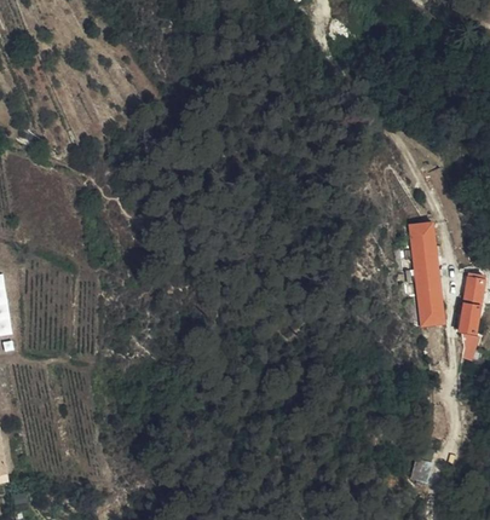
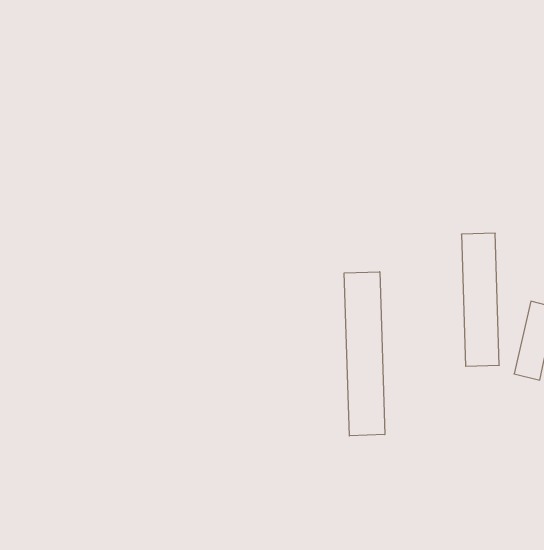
building: none -> [344,272,385,436]

